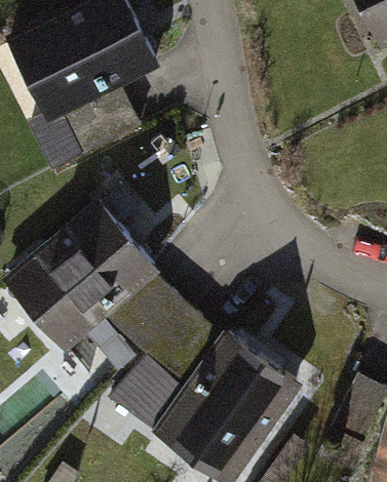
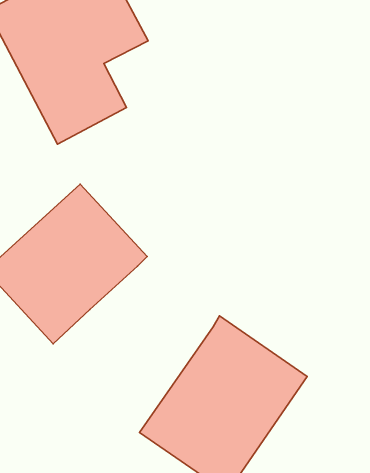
building: [103,279,220,437] -> none

